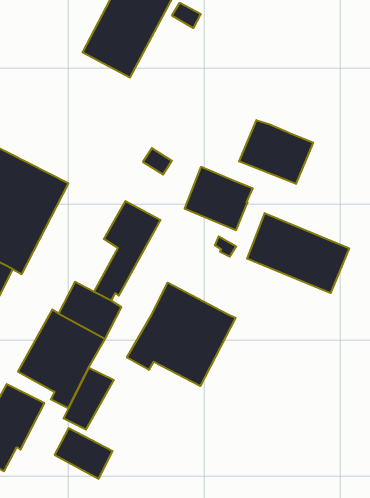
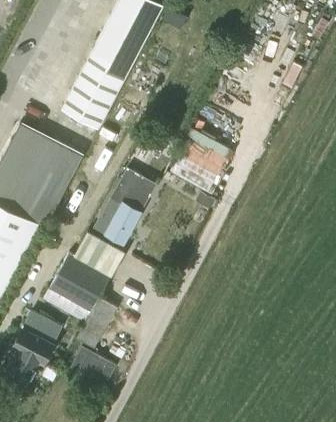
building: none -> [60,49,130,129]
building: [239,120,313,184] -> none
building: [247,213,349,293] -> none
building: [127,283,236,386] -> none

